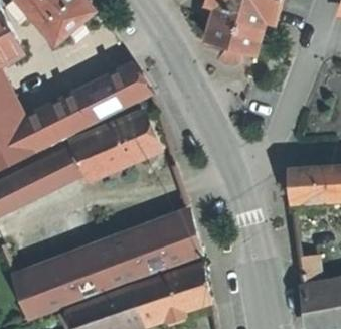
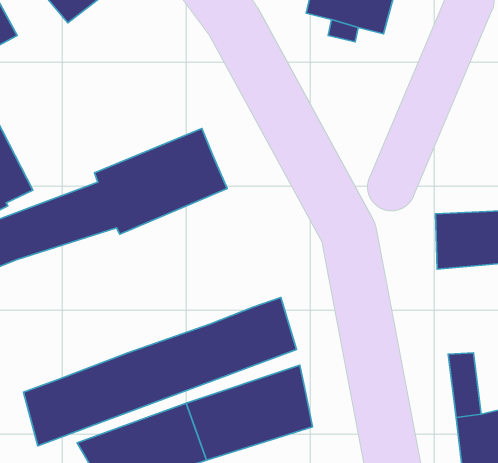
building: [18,66,151,152] -> none

